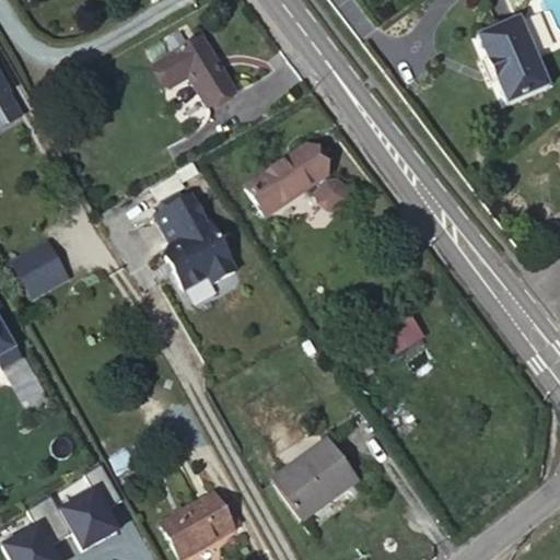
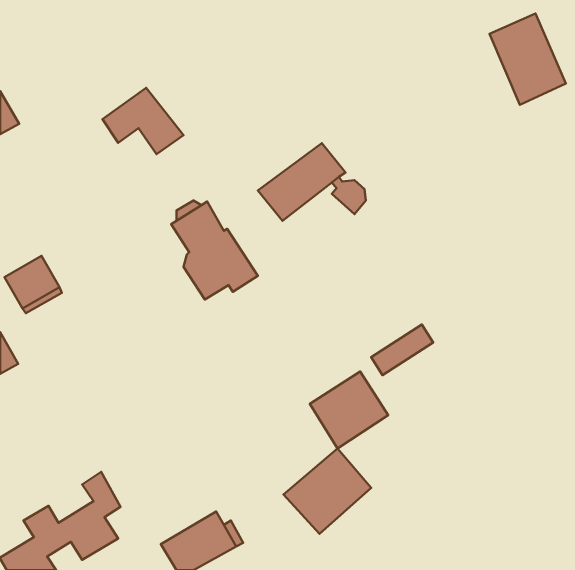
building: [147,37,225,102] -> [102,88,183,154]
building: none -> [310,371,388,448]

